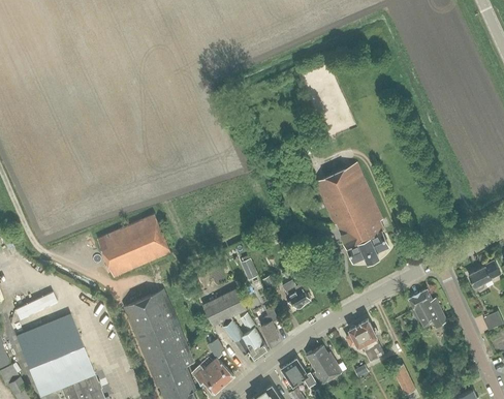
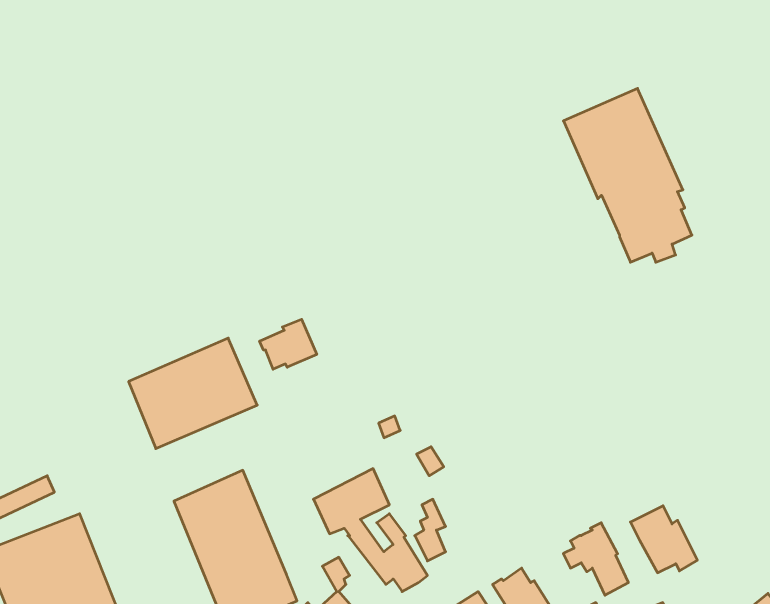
building: [315,163,388,263] -> [563,88,692,262]
building: none -> [260,319,317,369]
building: [283,279,312,309] -> none
building: [409,289,447,328] -> [630,506,697,573]

